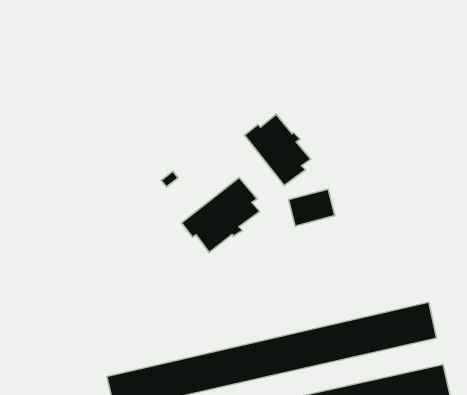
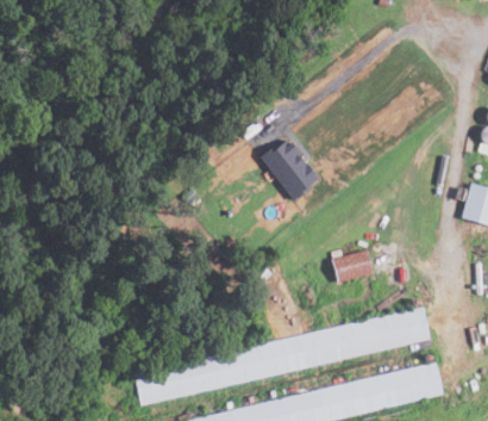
building: [182,177,260,252] -> none
building: [289,189,335,226] -> [332,250,374,284]

